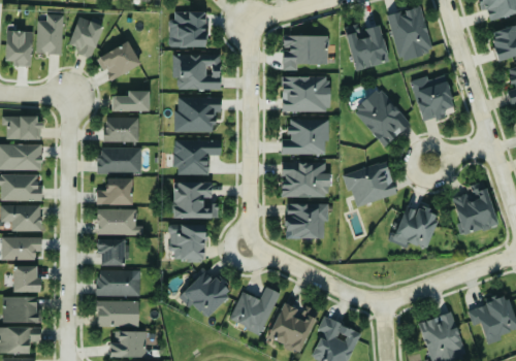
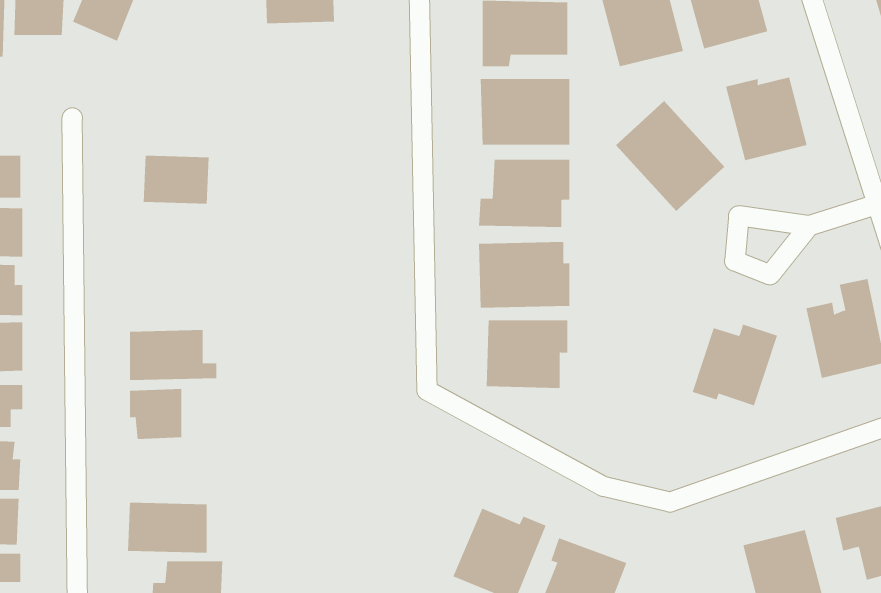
building: [97,41,140,81] -> none
building: [172,54,220,90] -> none
building: [111,91,149,111] -> none
building: [175,96,222,132] -> none
building: [173,139,221,174] -> none
building: [98,146,142,173] -> none
building: [343,160,396,207] -> none
building: [96,178,132,205] -> none
building: [172,182,218,219] -> none
building: [168,225,206,260] -> none
building: [97,269,140,296] -> none
building: [180,270,231,320] -> none
building: [229,287,279,334] -> none

